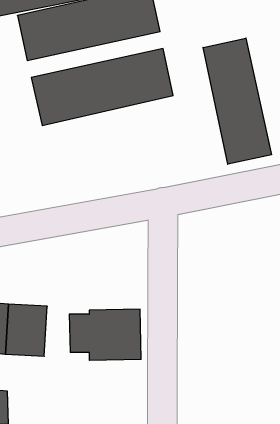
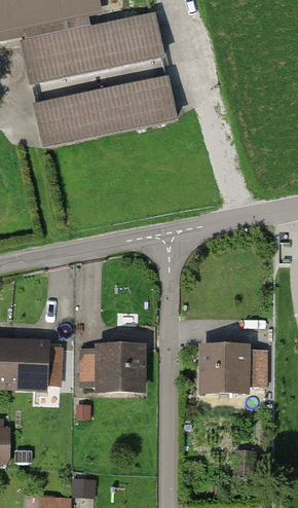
building: [203,38,271,164] -> none
building: none -> [212,348,271,398]

